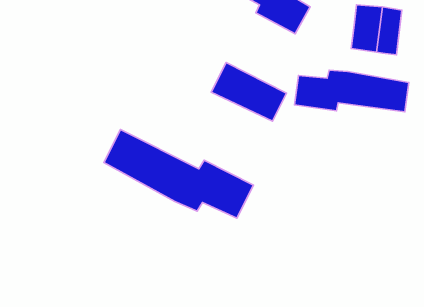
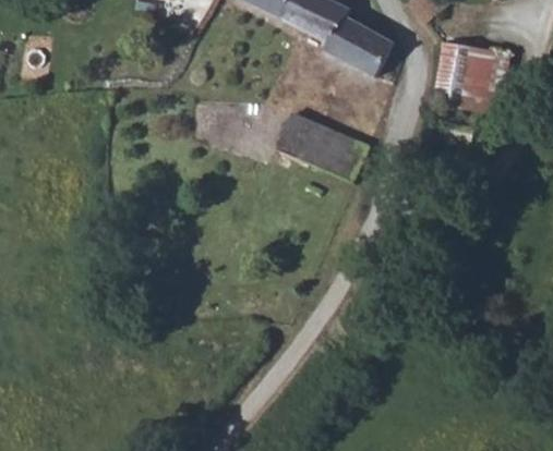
building: [294,70,409,112] -> none
building: [104,130,253,218] -> none

